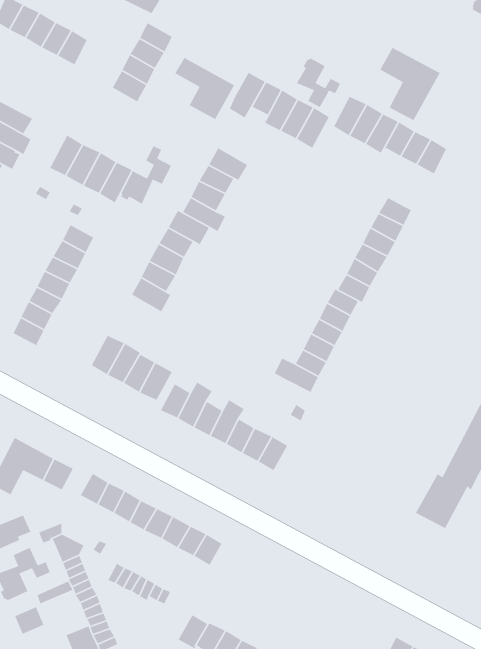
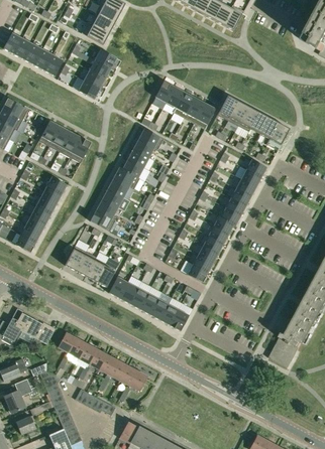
building: [379,47,442,121] -> none
building: [174,57,236,120] -> none
building: [296,57,341,108] -> none
building: [120,145,172,205] -> none

